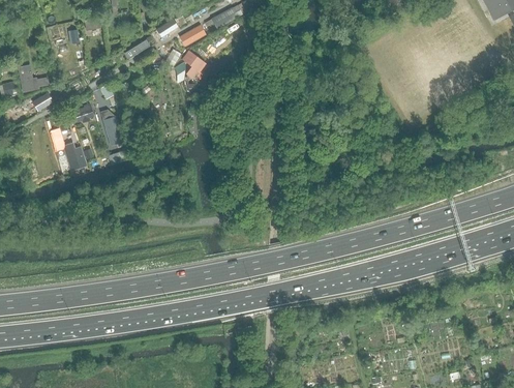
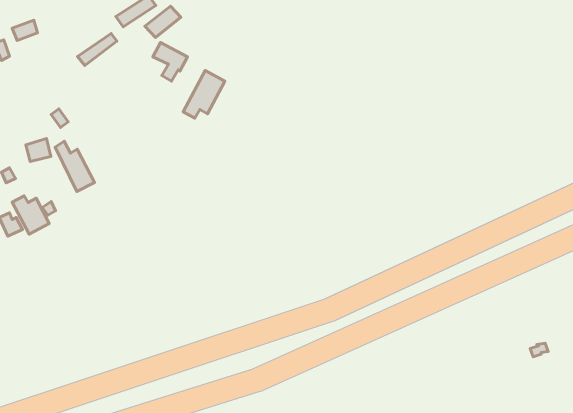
building: none -> [183,71,225,118]

